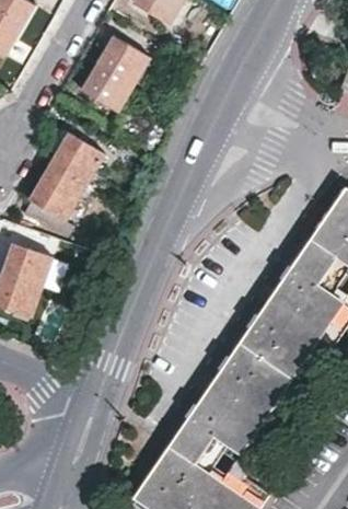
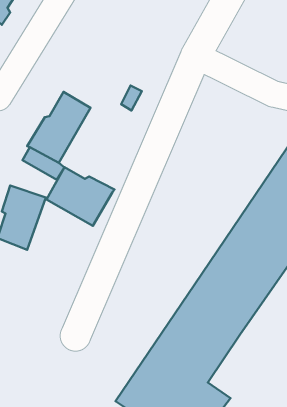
building: [83,37,148,109] -> none
building: none -> [46,167,115,226]

